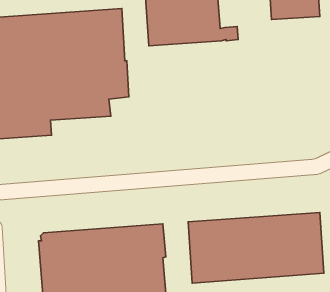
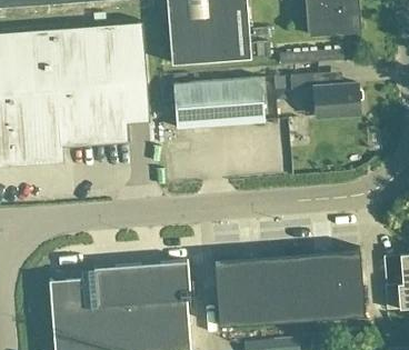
building: none -> [290,74,362,118]
building: none -> [173,78,265,129]

